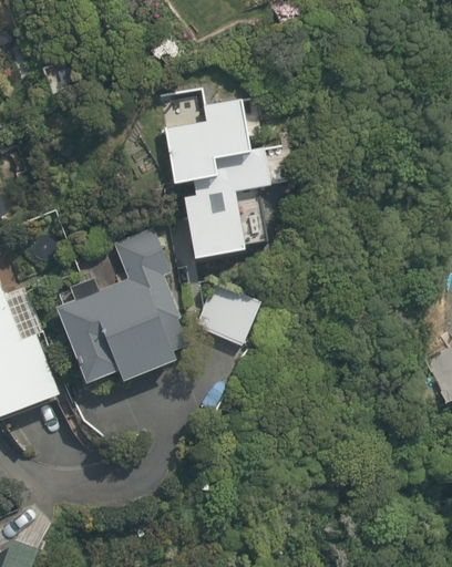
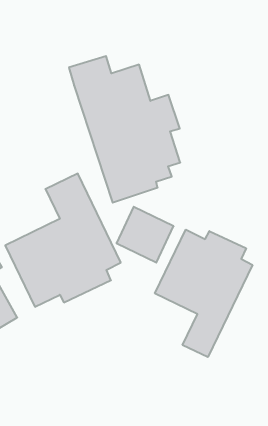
building: none -> [155,230,252,357]

